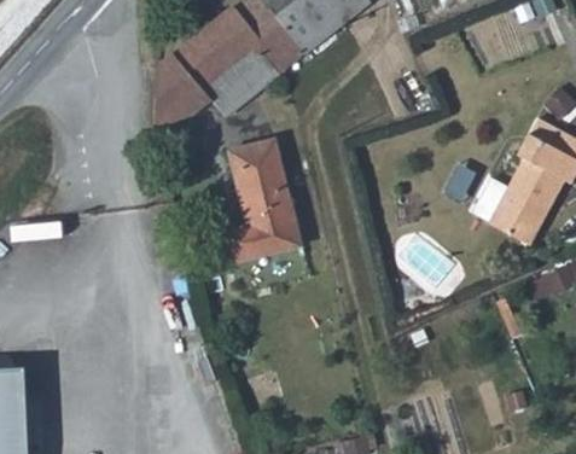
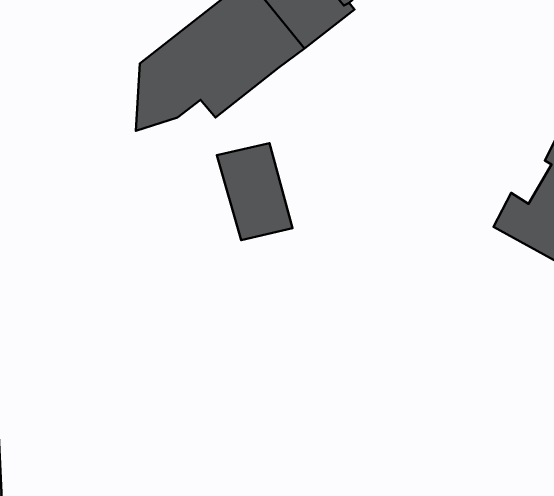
building: [223,214,301,263] -> none

